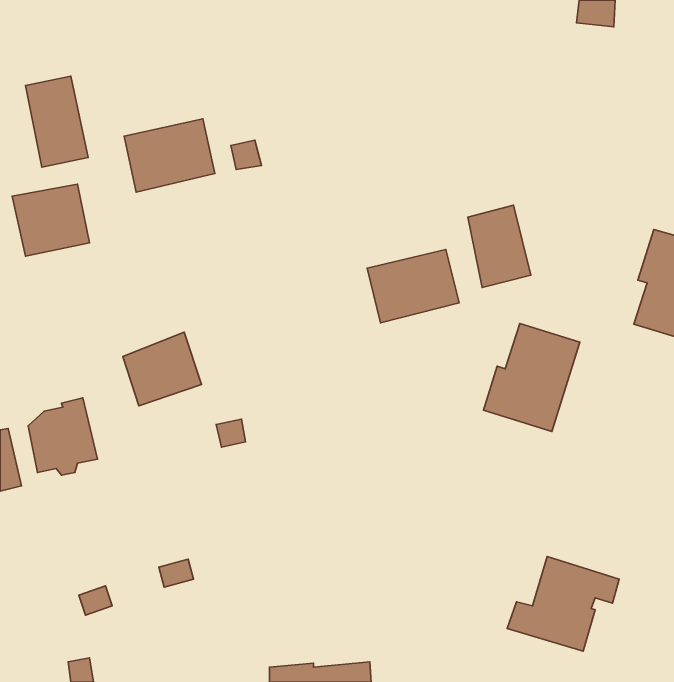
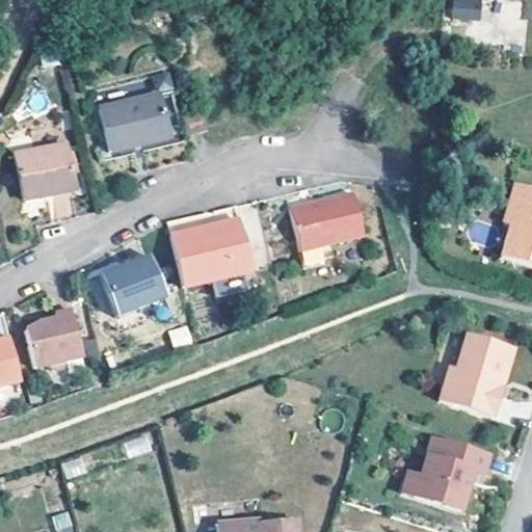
building: [25,76,88,167] -> none
building: [468,205,531,288] -> none
building: none -> [172,221,252,289]
building: [484,323,580,432] -> [438,328,513,413]

